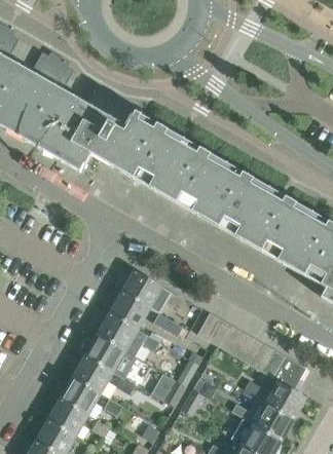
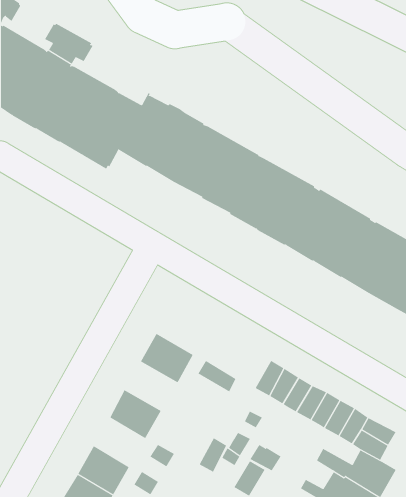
building: [120,269,184,309] -> none
building: [96,313,159,356] -> none
building: [72,356,112,394] -> none

